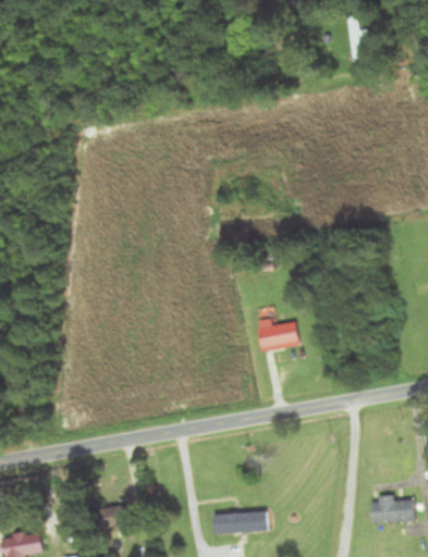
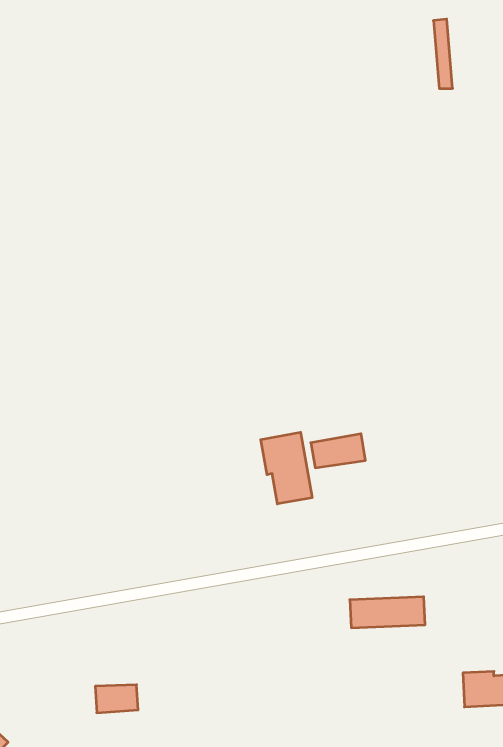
building: none -> [261,432,312,504]
building: [212,511,268,534] -> [350,597,425,628]

